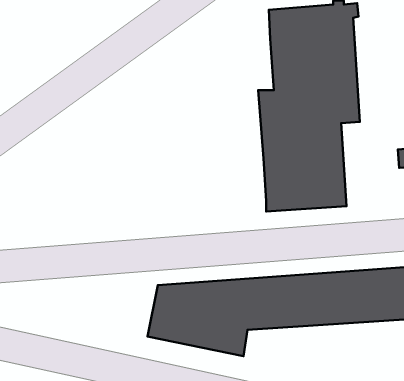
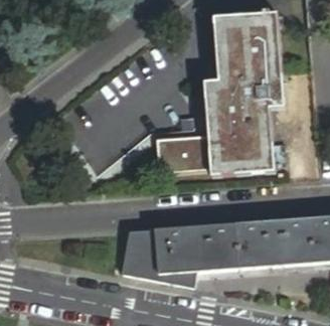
building: none -> [157,135,211,171]

